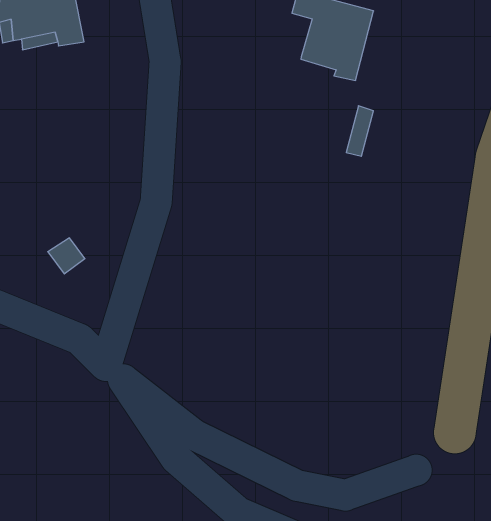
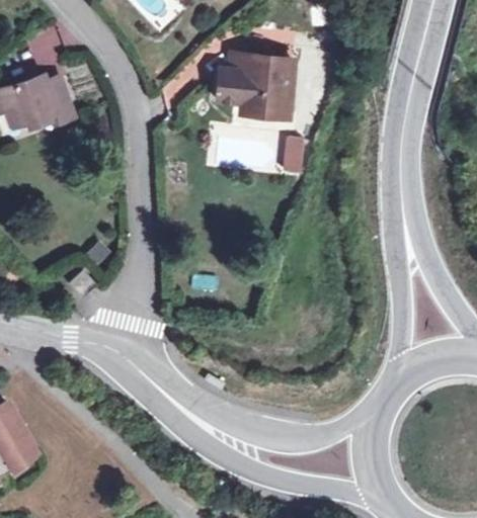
building: none -> [216,71,246,104]

